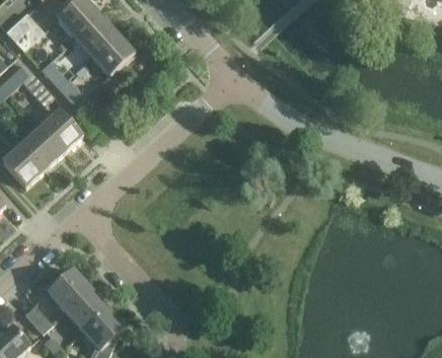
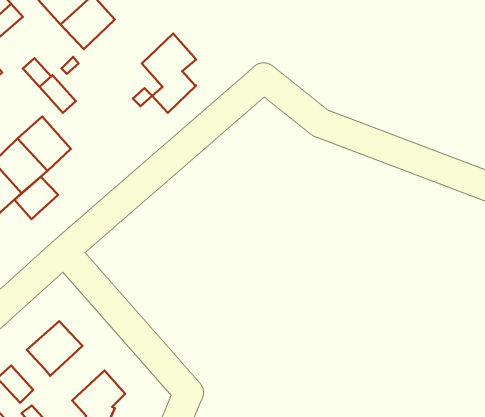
building: [91,32,134,94] -> [142,34,196,113]
building: none -> [14,177,58,219]
building: [65,288,107,331] -> none

